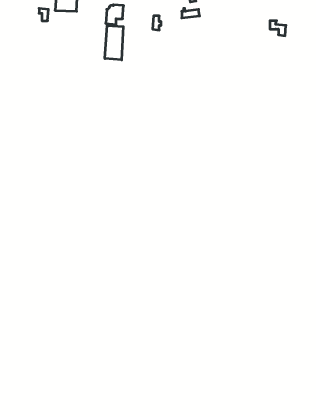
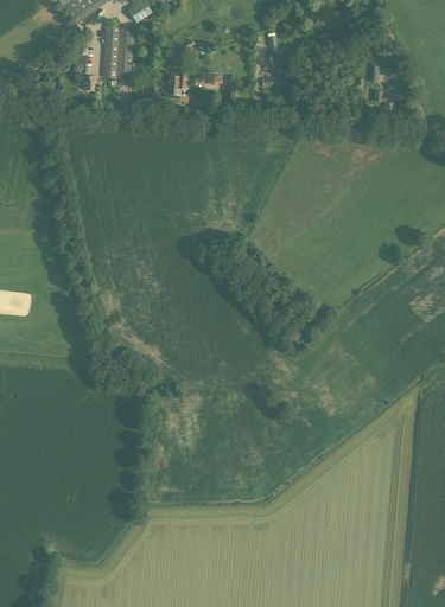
building: [105,25,123,60] -> none

